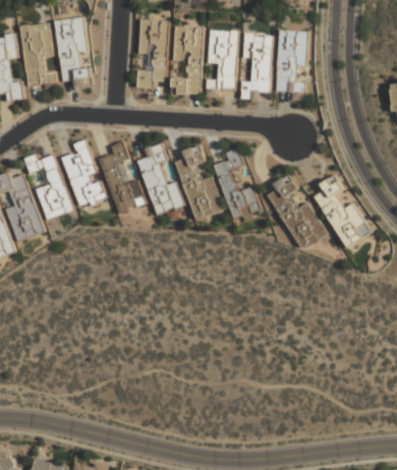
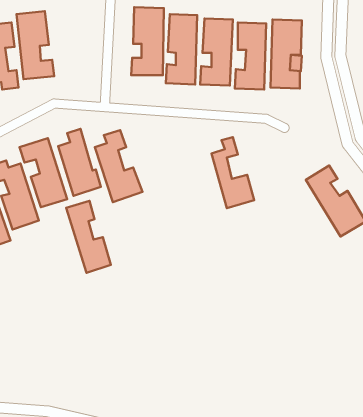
building: [54,15,94,87] -> none
building: [137,141,182,214] -> [66,201,111,273]
building: [176,144,222,218] -> none
building: [269,174,325,248] -> none

